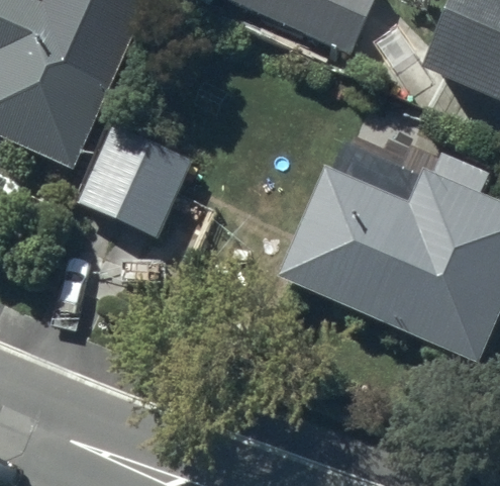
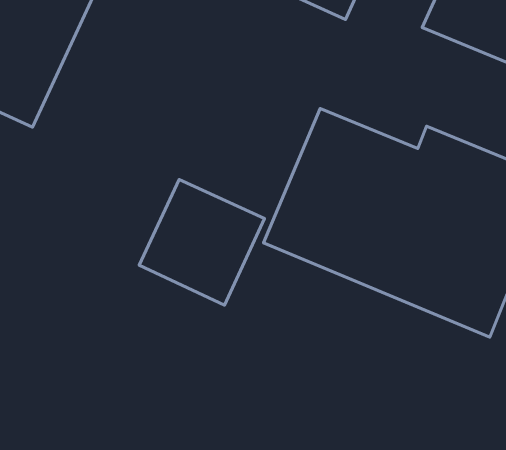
building: [81,128,195,242] -> [139,180,264,305]

